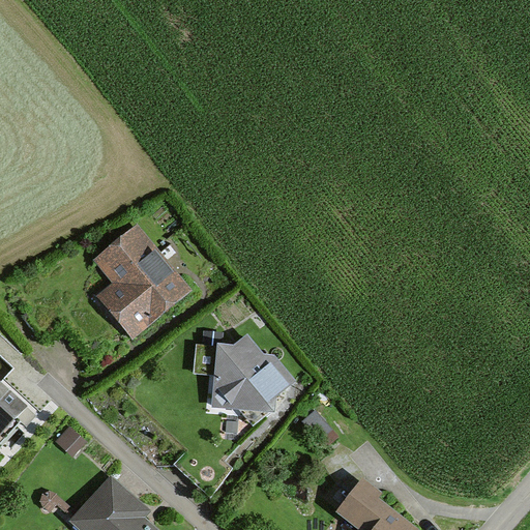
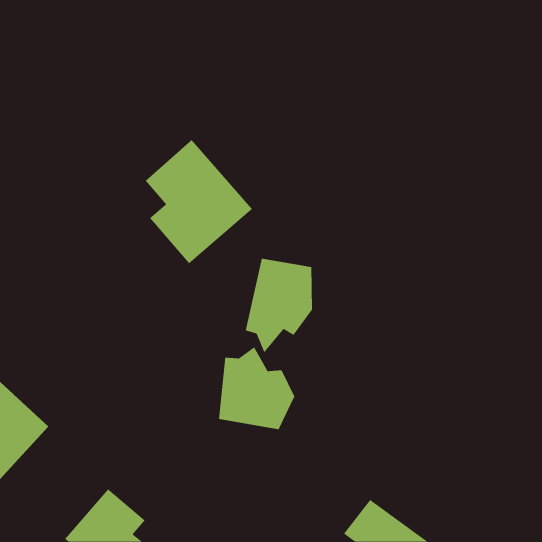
building: [87,224,192,345] -> [145,139,253,264]
building: none -> [245,258,313,353]

